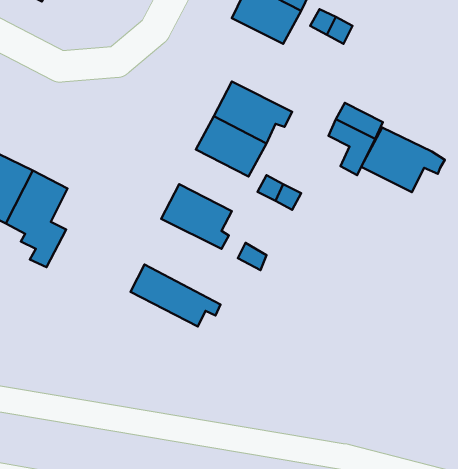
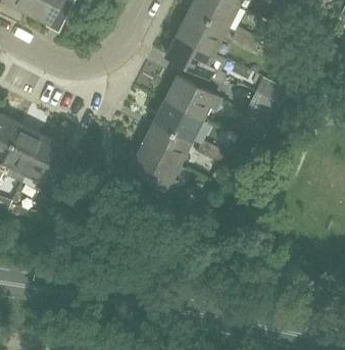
building: none -> [166,34,213,78]
building: [361,127,445,192] -> none
building: none -> [143,122,190,164]
building: [131,264,221,327] -> none

